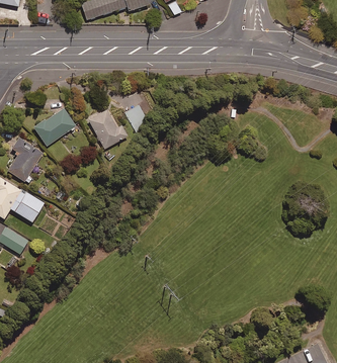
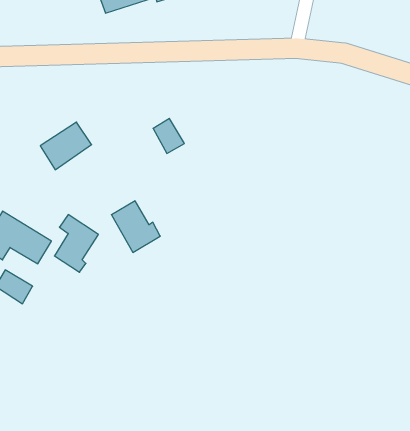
building: [88,107,128,149] -> [111,201,160,252]
building: [8,137,44,183] -> [54,215,98,272]

